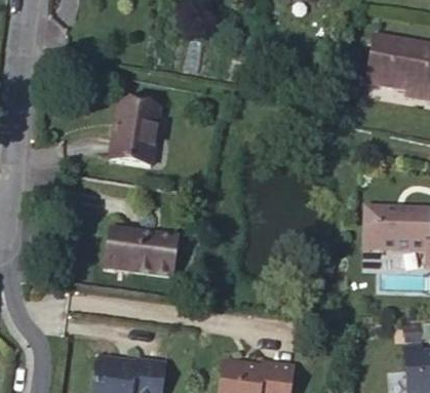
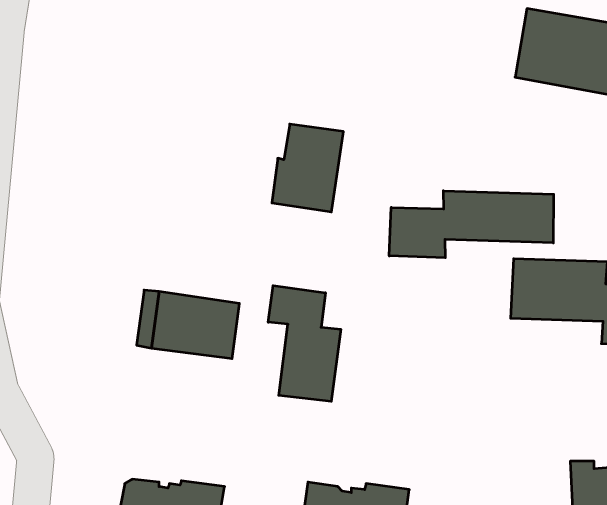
building: [110,107,159,167] -> [272,124,343,212]
building: none -> [389,191,554,258]
building: none -> [268,286,341,401]

